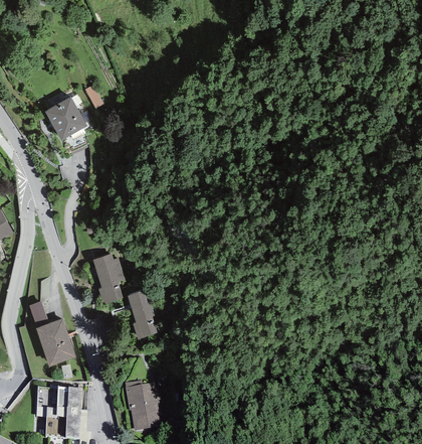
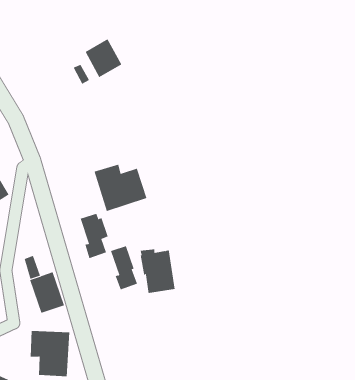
building: [44,96,86,140] -> [85,39,122,78]
building: none -> [94,164,147,212]
building: [125,380,165,430] -> [140,249,176,294]

